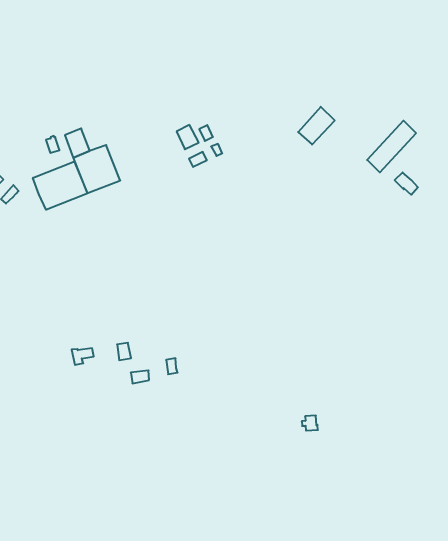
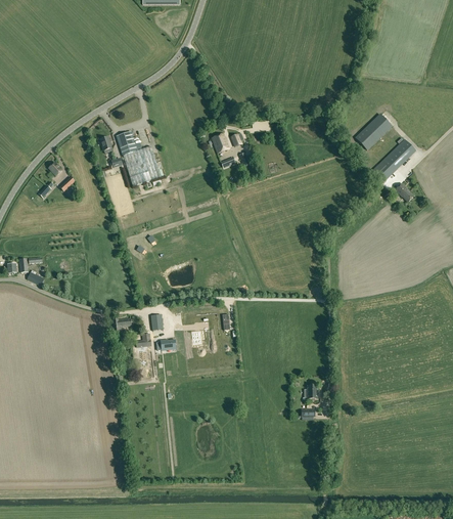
building: [298,107,335,145] -> [360,114,392,145]
building: [33,161,87,210] -> none

